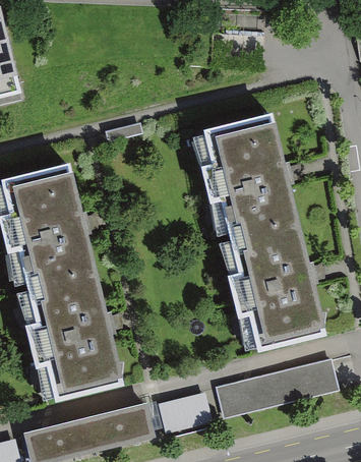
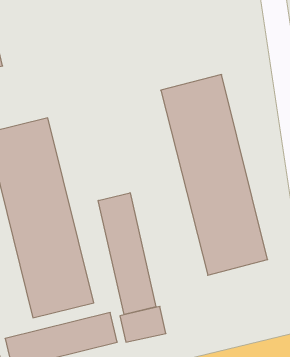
building: none -> [98,193,156,315]
building: [210,357,335,417] -> none

